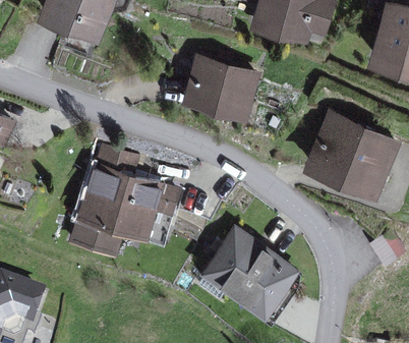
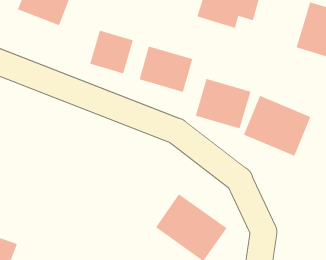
building: none -> [90,30,133,74]
building: none -> [195,78,251,129]
building: [74,148,168,244] -> none

